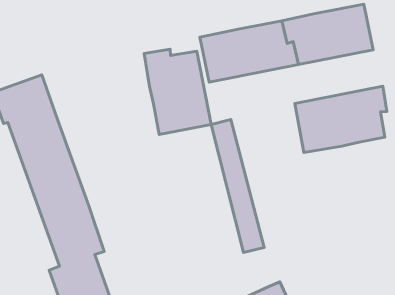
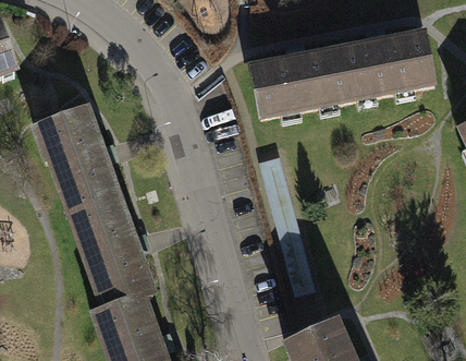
building: [144,49,211,134] -> none
building: [295,86,387,153] -> none

